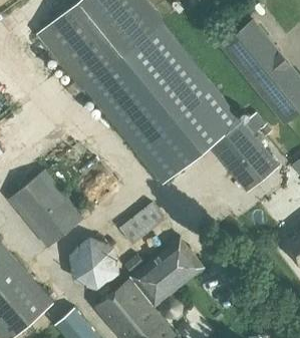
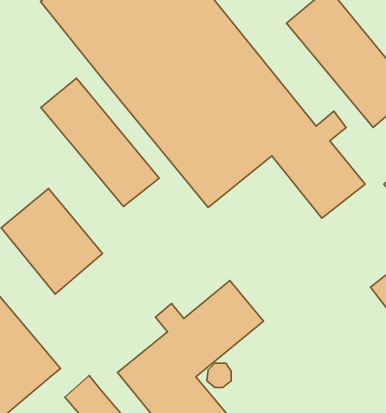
building: none -> [41,78,159,206]
building: [117,204,162,244] -> none
building: [69,238,119,292] -> none

